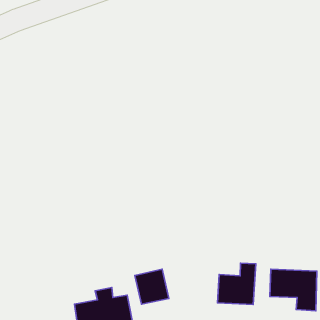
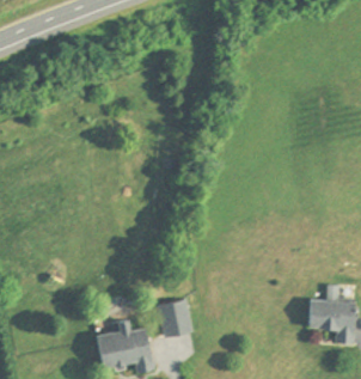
building: [218,263,256,305] -> none

